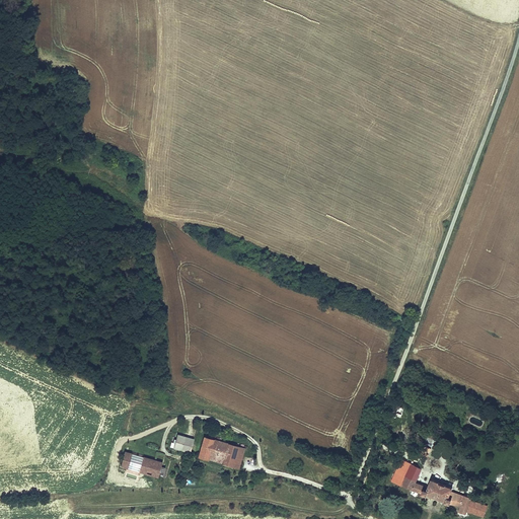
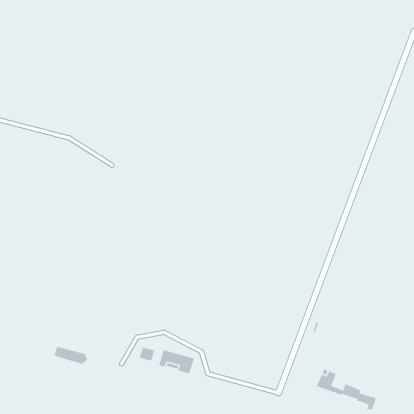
building: [120,452,163,476] -> [53,346,88,365]

